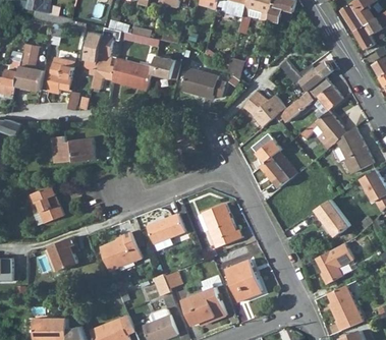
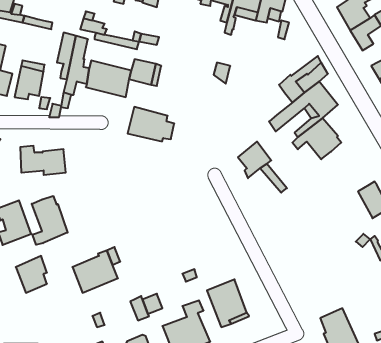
building: [182,67,225,99] -> [128,107,174,141]
building: [245,89,288,125] -> none
building: [338,126,375,172] -> none
building: [262,156,292,187] -> none
building: none -> [32,196,68,245]
building: [318,197,352,233] -> none
building: [198,203,241,247] -> none
building: [147,213,184,248] -> none
building: [318,242,356,284] -> none

